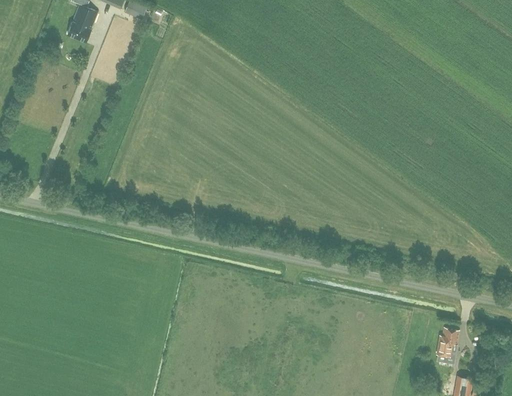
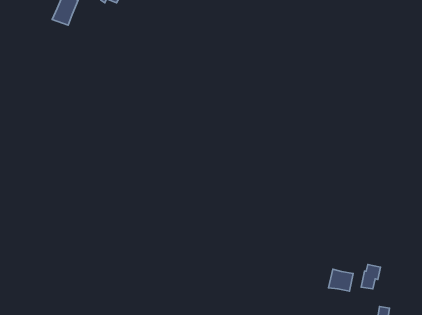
building: none -> [329,269,353,291]

